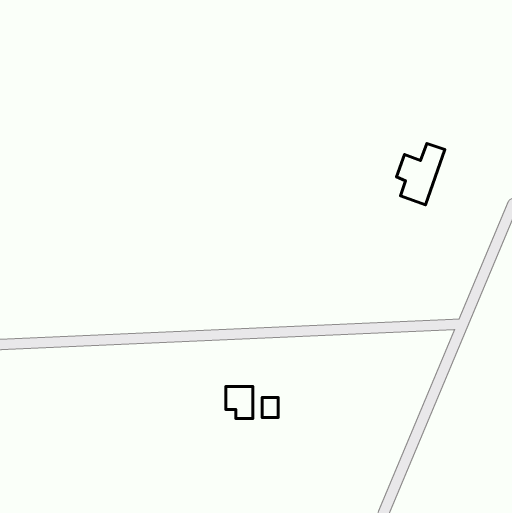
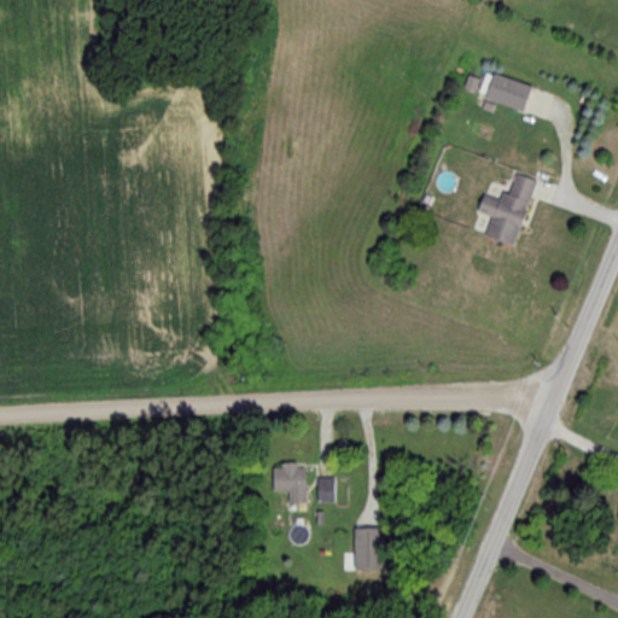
building: none -> [483,74,535,112]
building: none -> [352,527,383,571]

